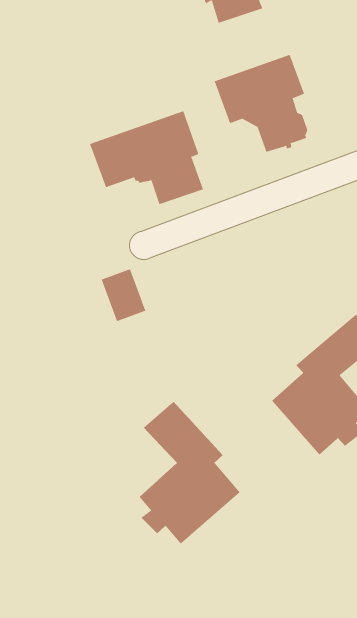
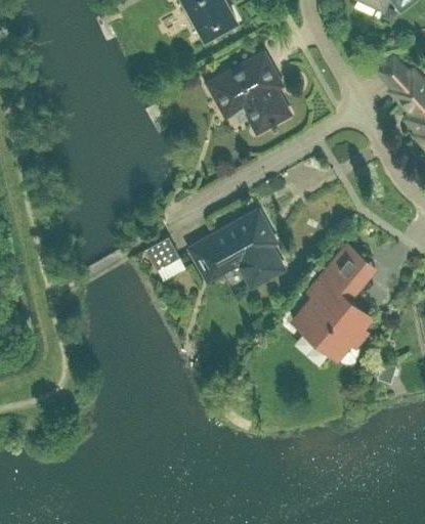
building: [89,110,204,205] -> [190,210,285,286]
building: [139,401,241,545] -> none

